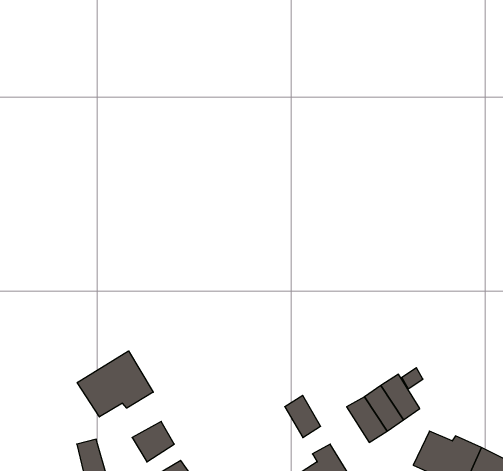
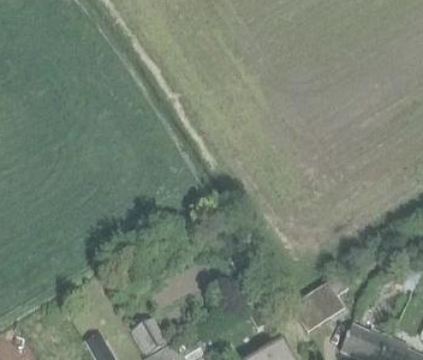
building: [77,351,153,417] -> none

